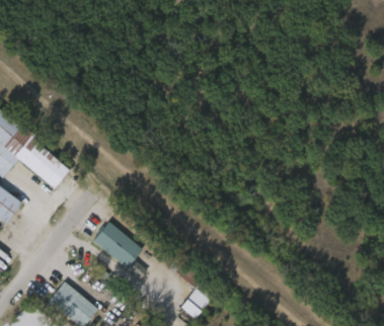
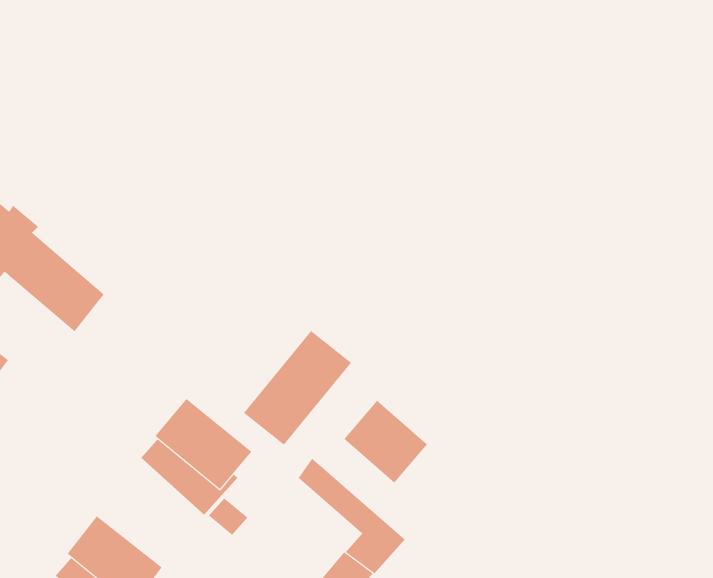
building: none -> [243,330,352,446]
building: none -> [343,400,428,483]

